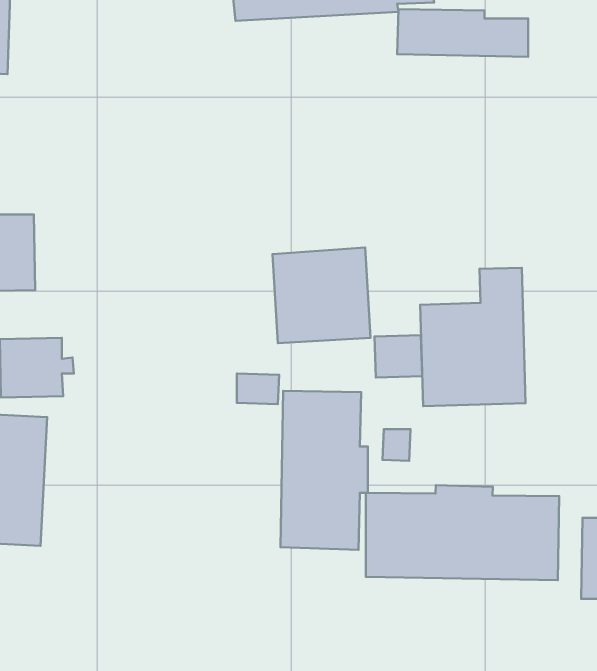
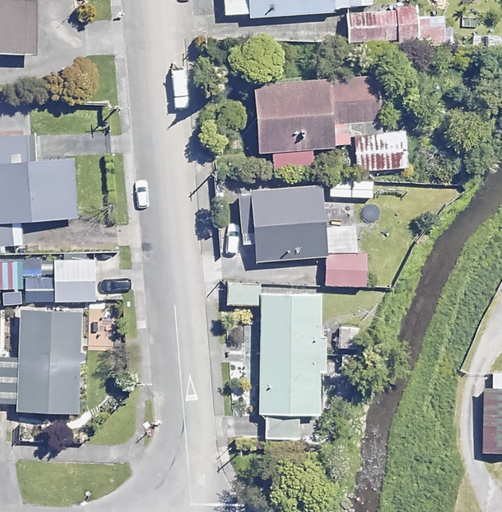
building: none -> [256,77,407,169]
building: [420,268,526,406] -> none
building: [366,485,559,580] -> none

